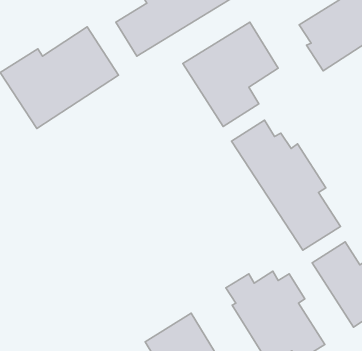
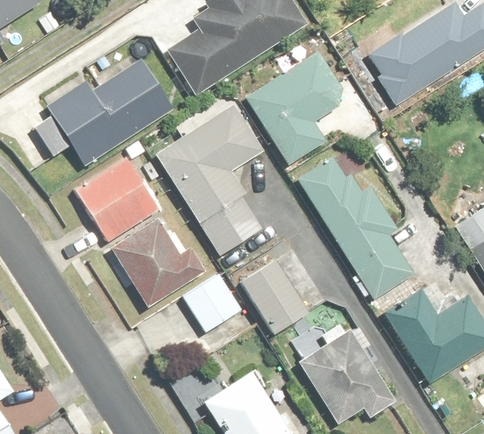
building: none -> [154,103,265,256]
building: none -> [74,154,161,241]
building: none -> [112,217,211,304]
building: none -> [239,258,309,336]
building: none -> [182,274,241,333]

